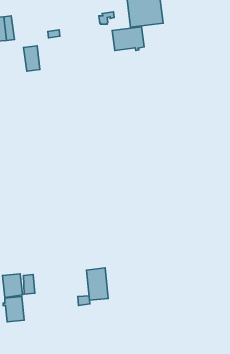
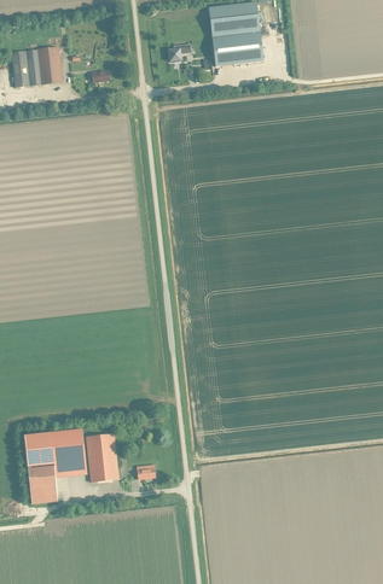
building: [112,27,144,51] -> none
building: [24,46,40,71] -> [37,47,62,84]
building: [86,268,108,300] -> [86,433,118,481]

